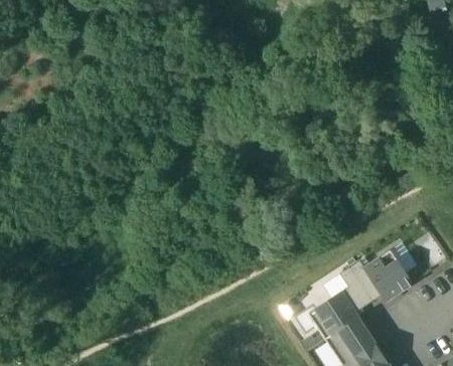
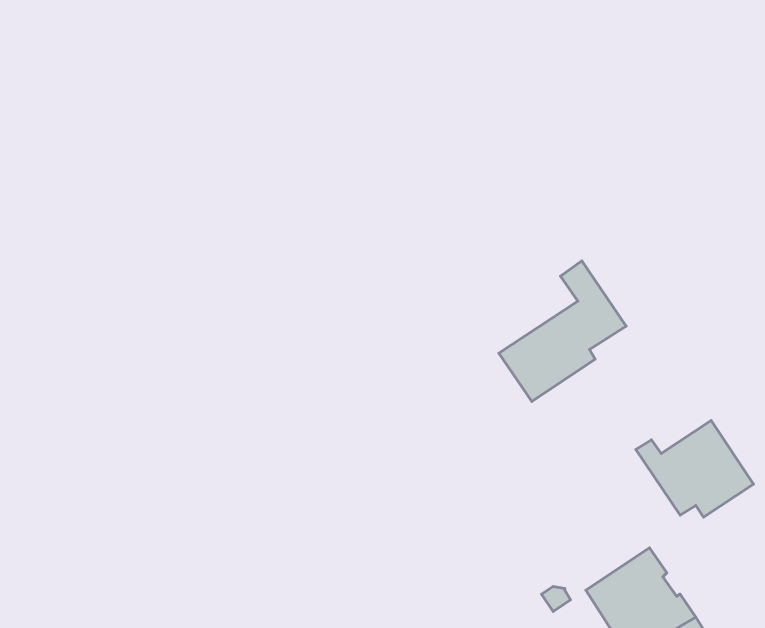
building: [309,266,375,340] -> [499,261,626,401]

